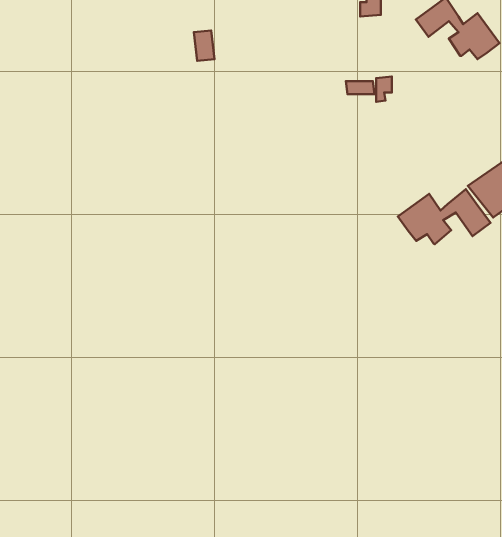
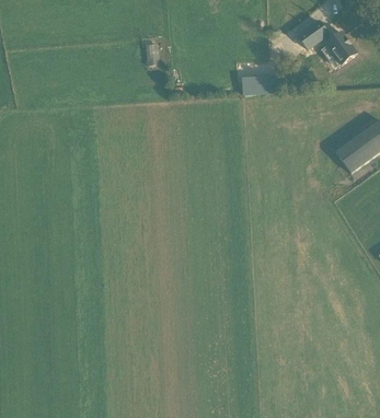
building: [398,189,490,244] -> none

